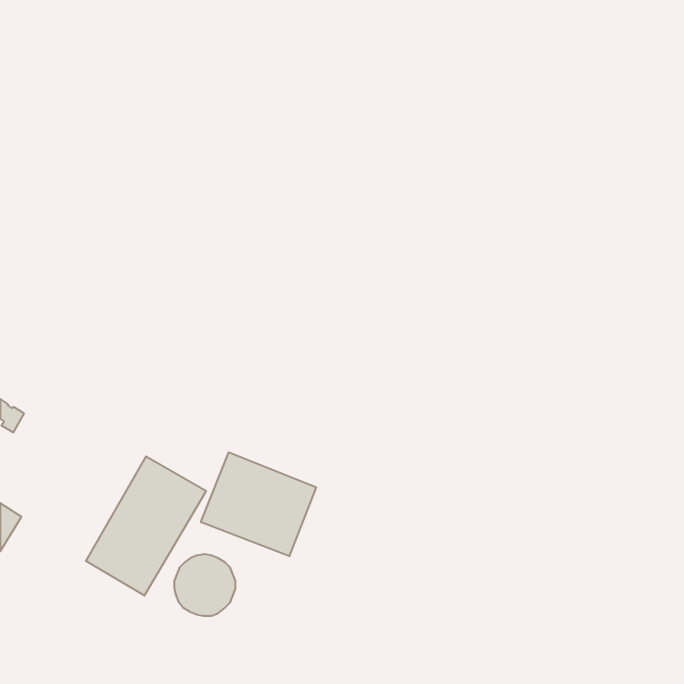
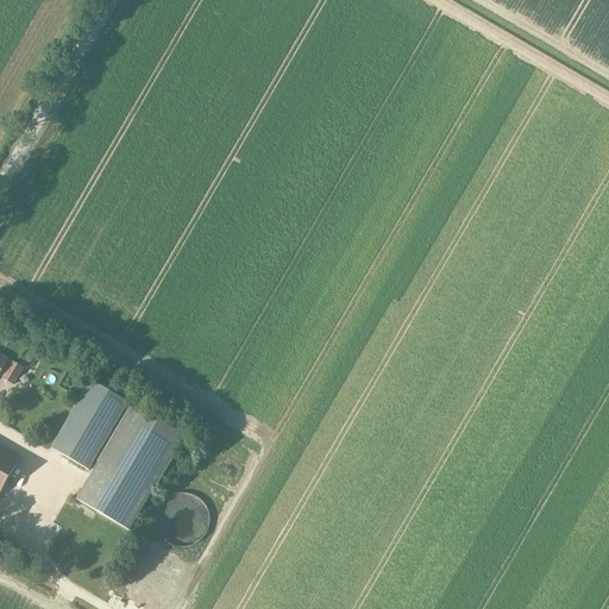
building: none -> [50,379,127,469]
building: [201,452,316,556] -> none

